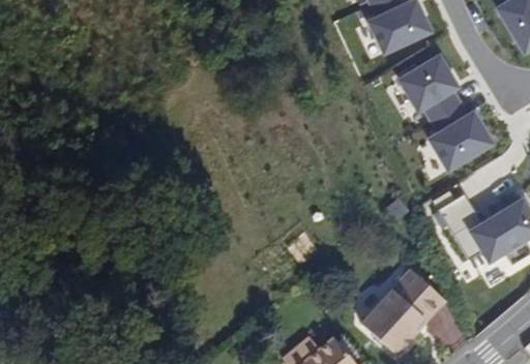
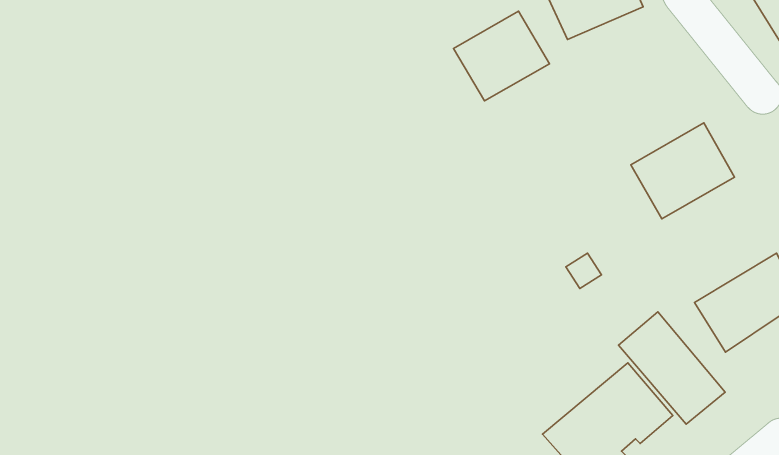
building: [398,54,462,114] -> [454,11,550,101]
building: none -> [619,312,725,424]

